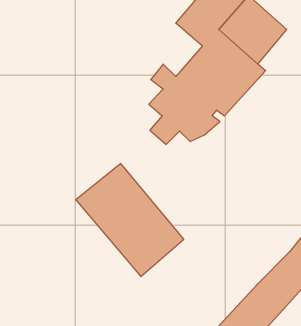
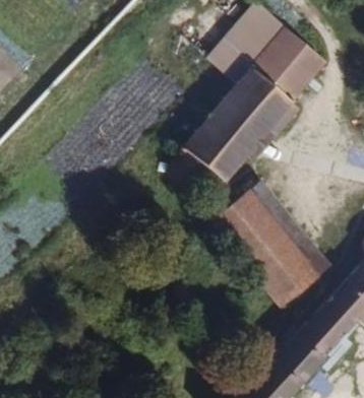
building: [76,164,184,277] -> [209,182,324,302]

